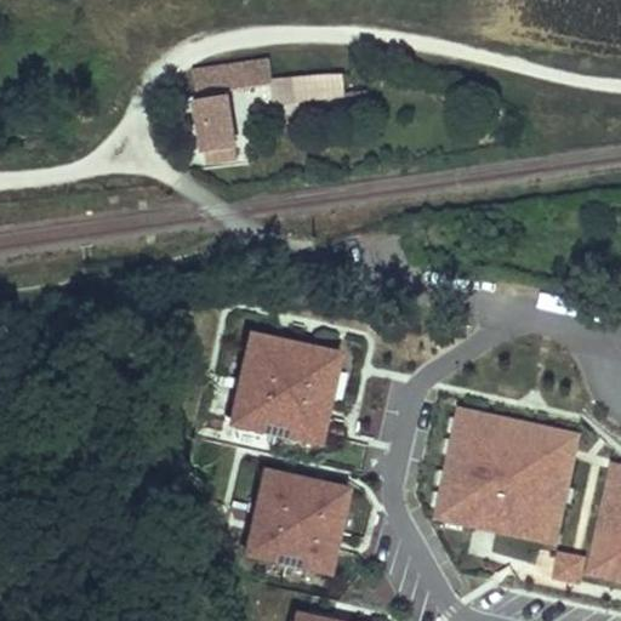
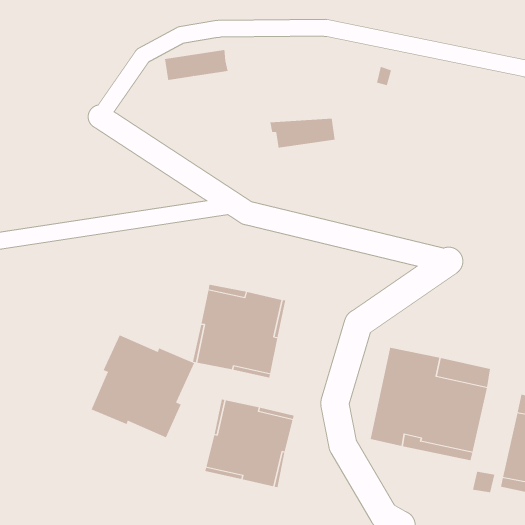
building: [269,67,347,102] -> [269,118,336,148]
building: [200,90,240,160] -> none
building: none -> [91,335,195,438]

